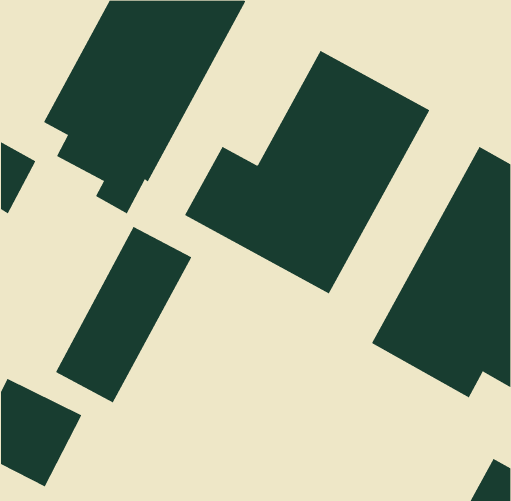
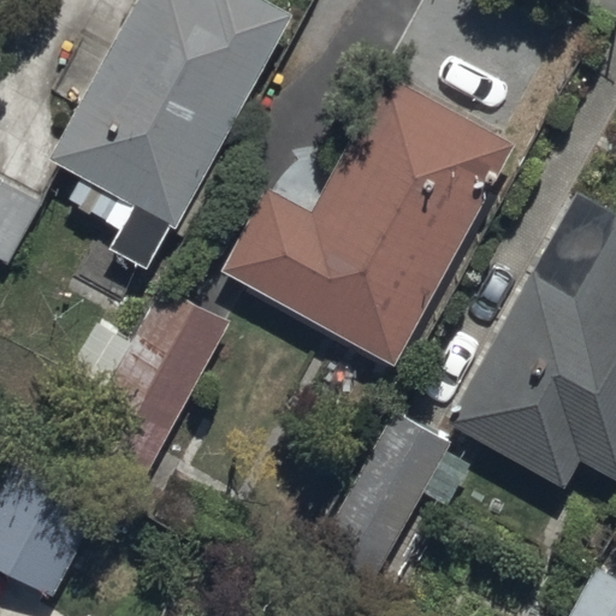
building: none -> [322,410,446,578]

